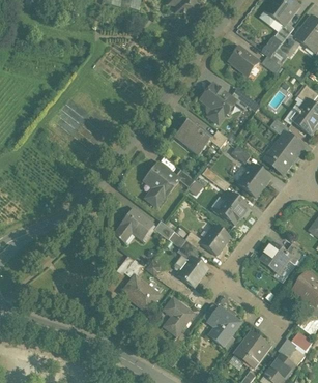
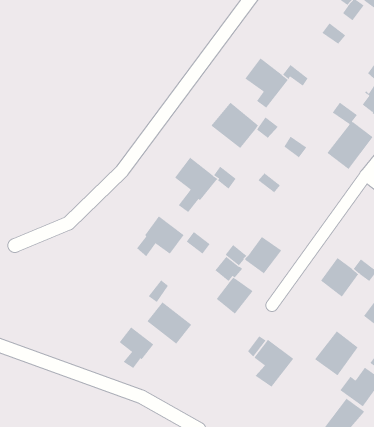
building: [228,46,259,76] -> none
building: [236,164,269,197] -> none
building: [213,190,248,225] -> none
building: none -> [119,327,154,369]
building: [163,297,194,336] -> none
building: [234,331,269,367] -> [314,330,359,376]

